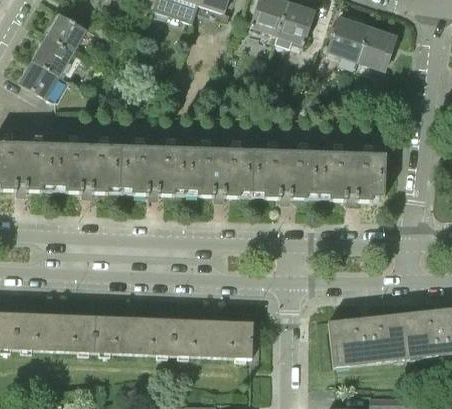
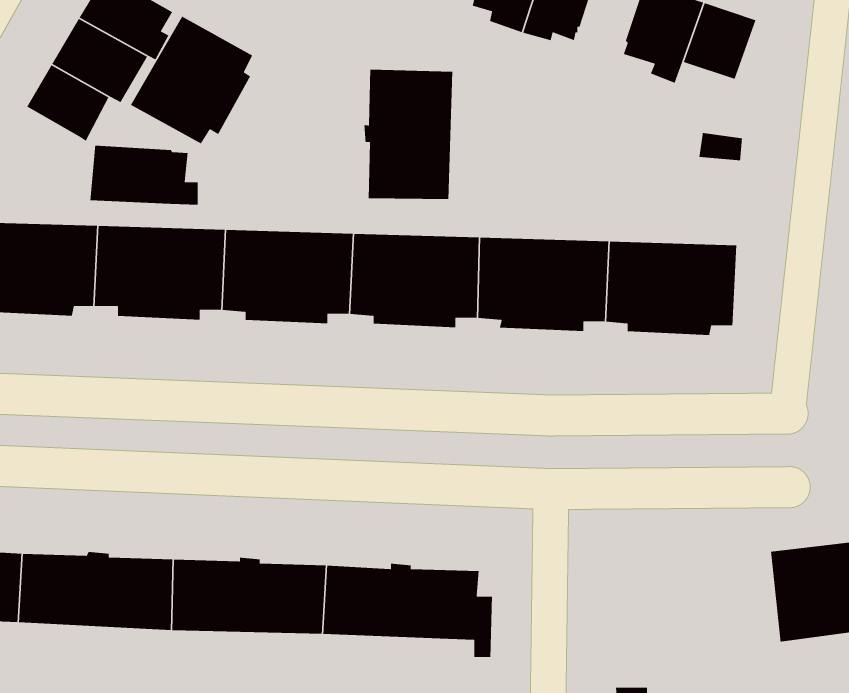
building: none -> [130,16,253,145]
building: none -> [364,69,453,200]
building: none -> [90,145,199,206]
building: [328,312,408,367] -> none

